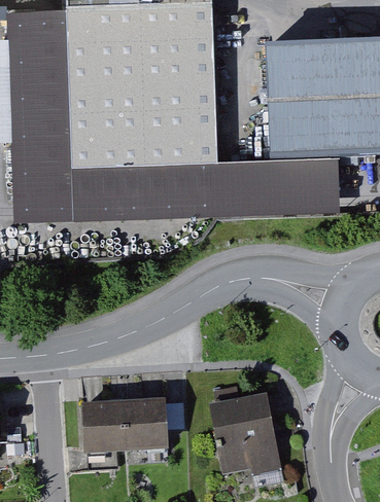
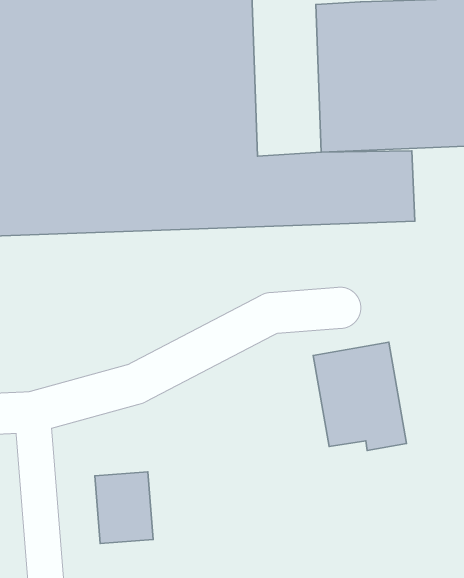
building: [214,393,285,475] -> [313,342,407,450]
building: [133,397,177,452] -> none

